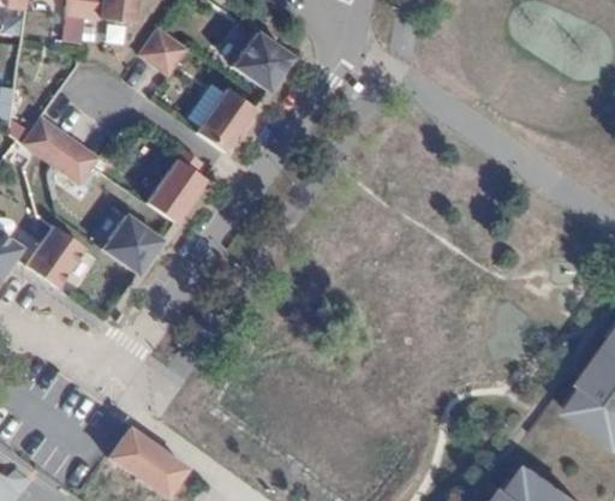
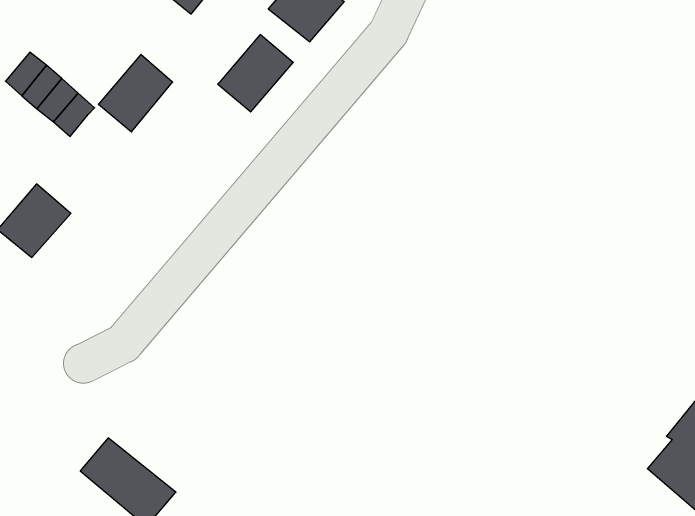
building: [147,159,205,222] -> [98,55,173,132]
building: [101,211,162,274] -> none

